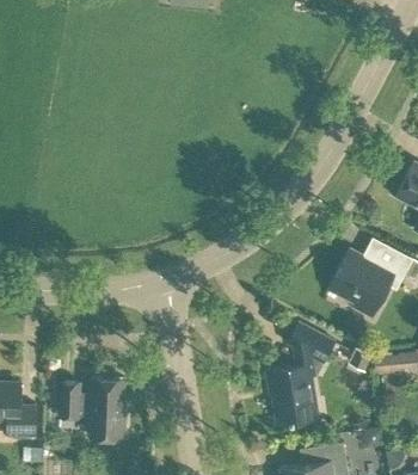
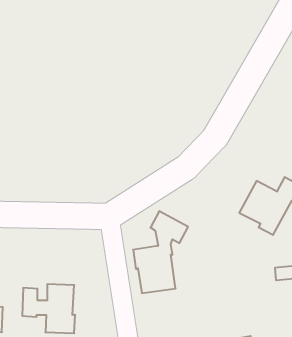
building: [266,322,334,424] -> [133,211,188,293]

